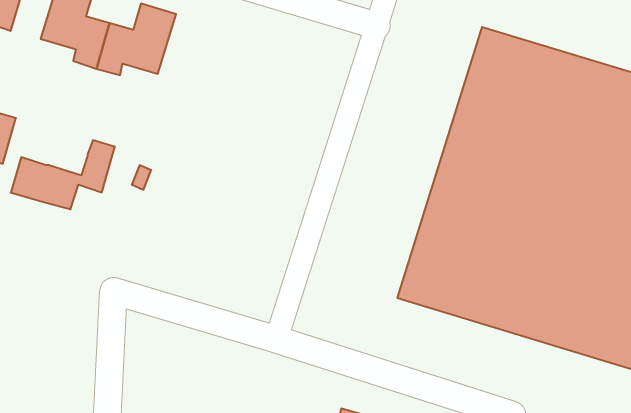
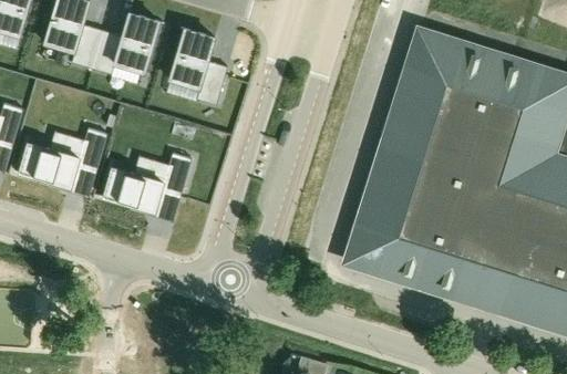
building: none -> [168,28,227,104]
building: none -> [103,153,190,212]

